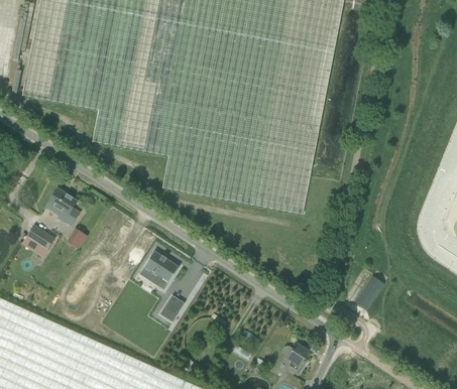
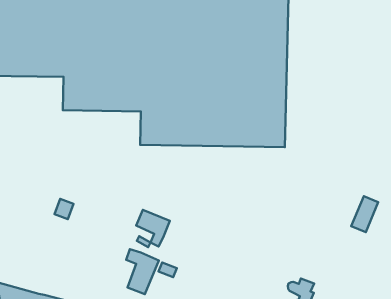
building: [48,188,80,226] -> none
building: [21,225,55,258] -> none
building: none -> [126,249,159,294]

